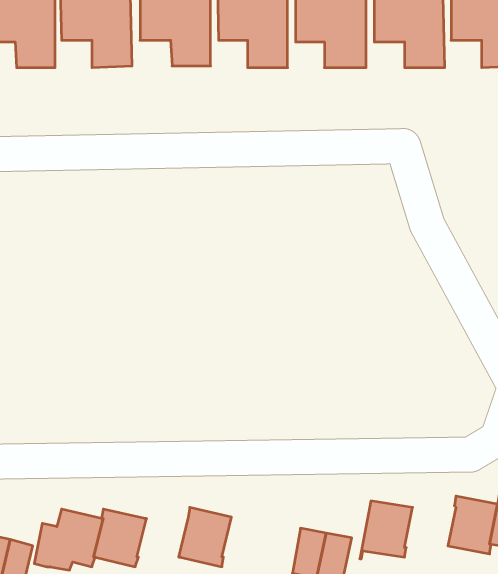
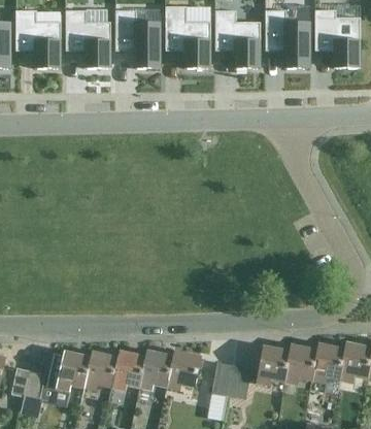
building: none -> [284,344,317,381]
building: none -> [167,350,201,388]
building: none -> [112,351,145,388]

